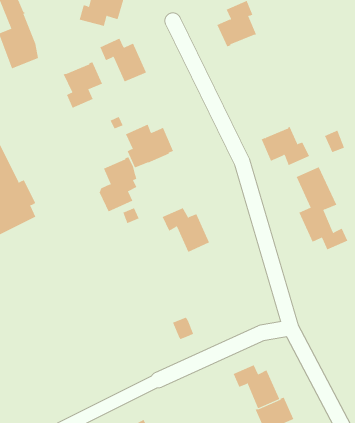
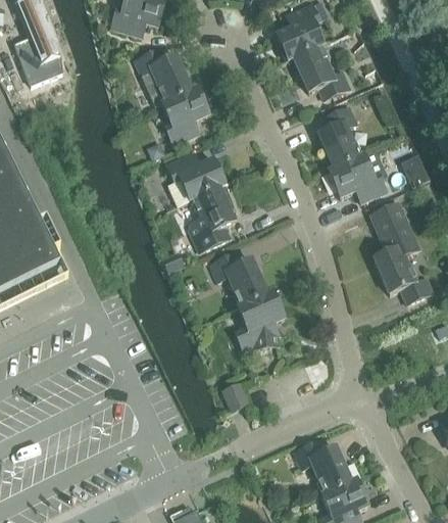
building: none -> [293,45,350,98]
building: [63,62,103,108] -> [161,87,209,143]
building: none -> [318,105,360,168]
building: [99,157,137,212] -> [189,184,235,250]
building: none -> [236,290,285,349]

